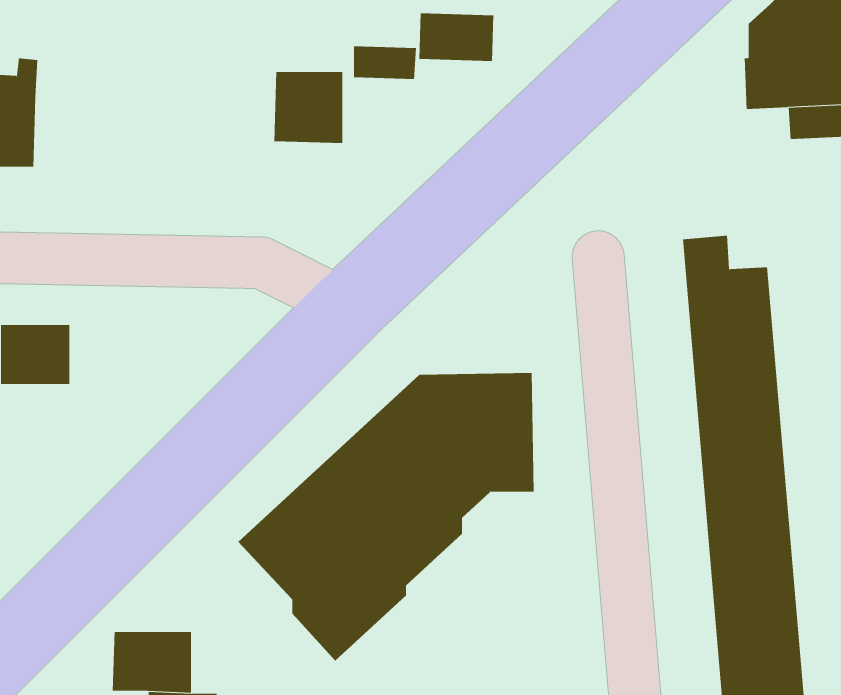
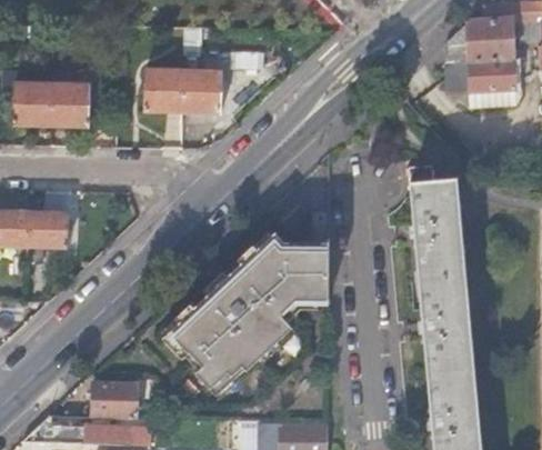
building: [419,13,494,62] -> none
building: none -> [143,70,183,109]
building: none -> [49,84,90,124]

